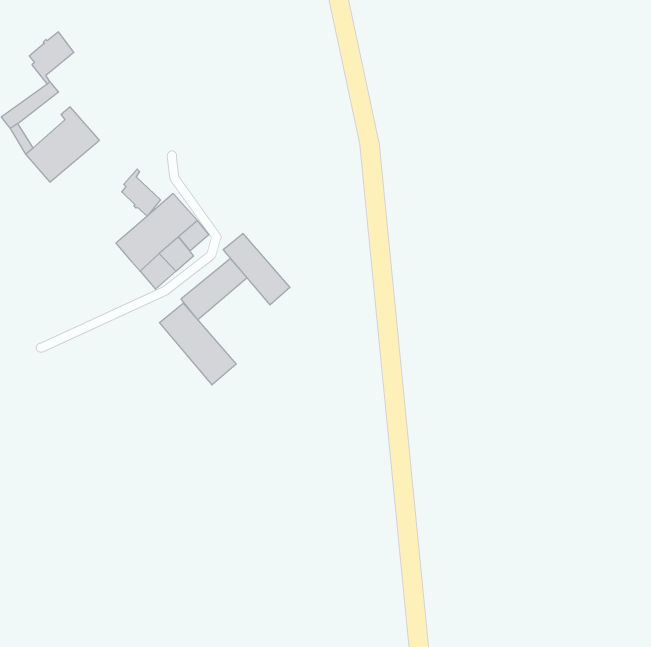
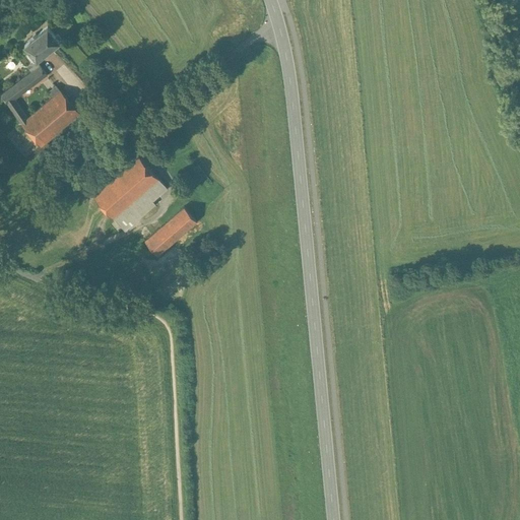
building: [122,169,161,216] -> none
building: [223,233,290,305] -> none
building: [159,303,236,385] -> none

